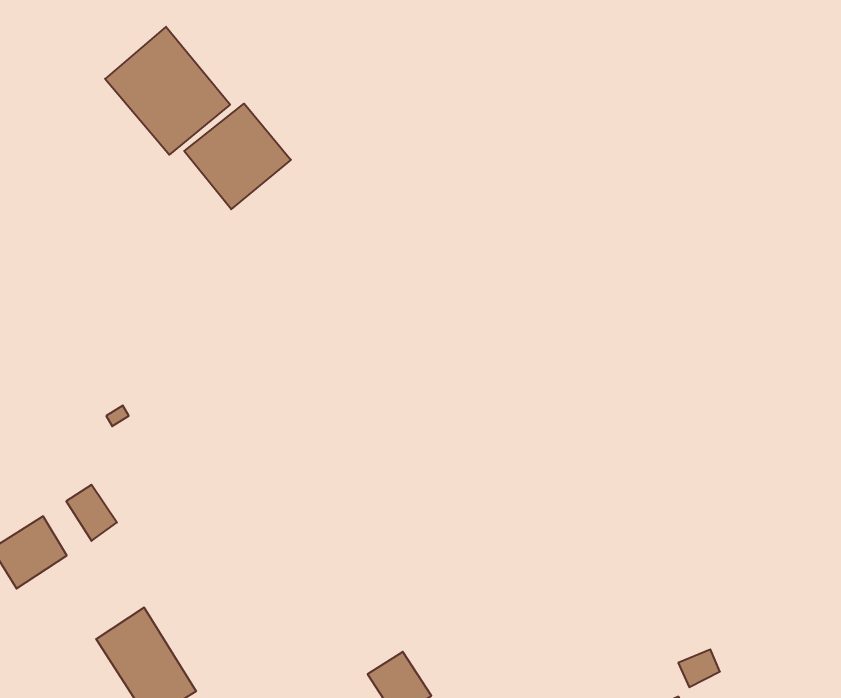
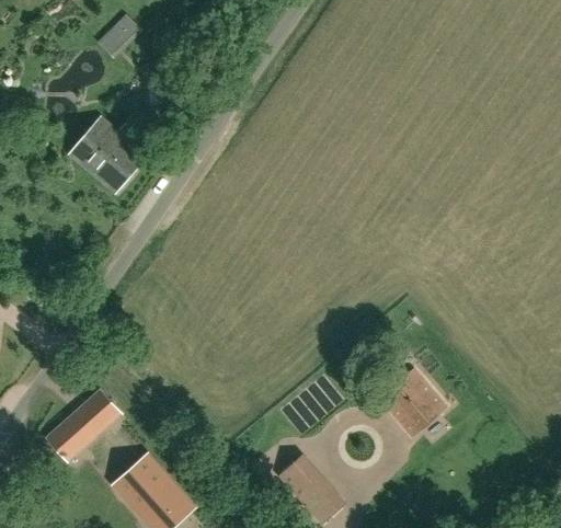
building: [184,104,291,209] -> none
building: none -> [379,369,446,436]

